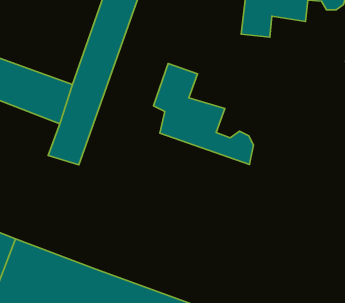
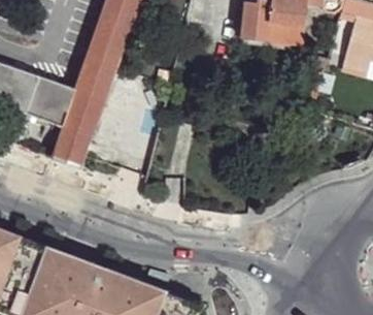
building: [153,64,253,164] -> none

